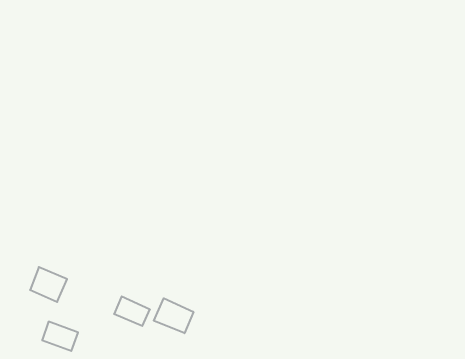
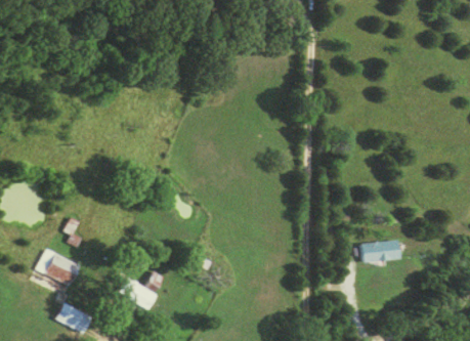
building: none -> [362,241,398,260]
building: [154,298,193,333] -> none

